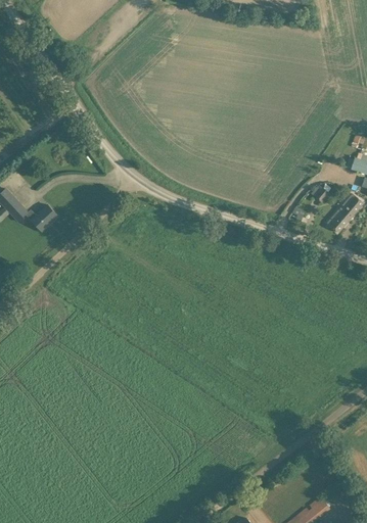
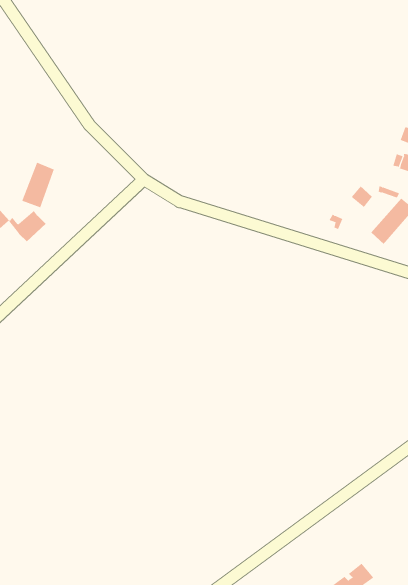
building: none -> [21,162,55,208]

